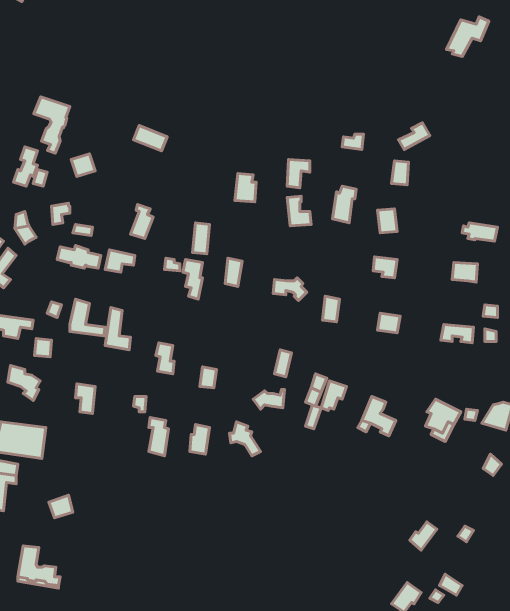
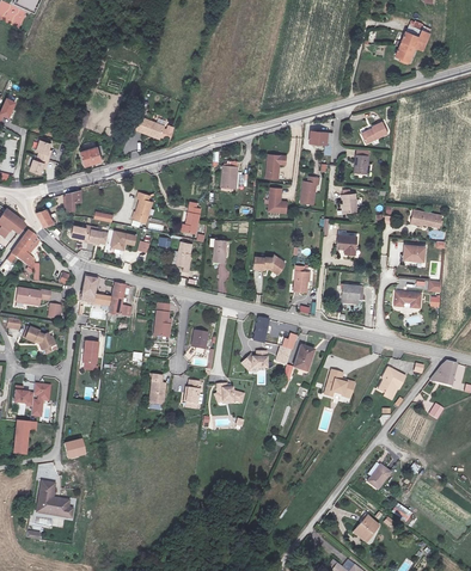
building: [34,97,70,153] -> none

